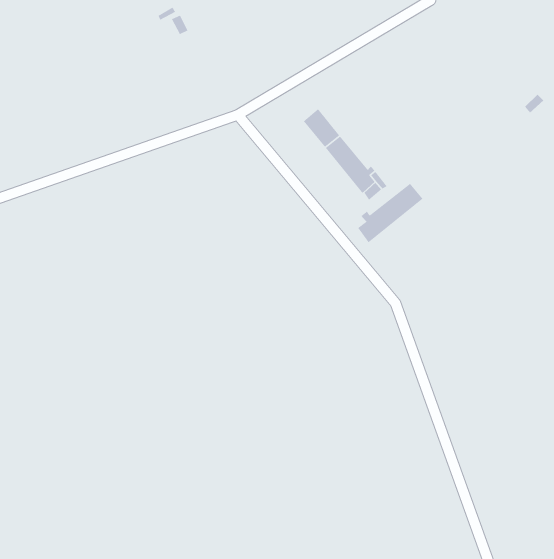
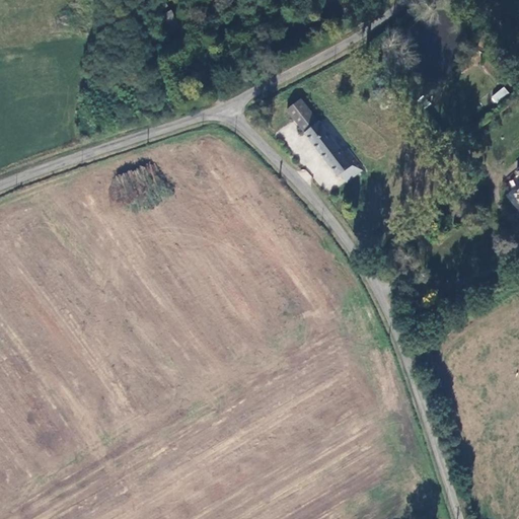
building: [357,183,424,244] -> none

